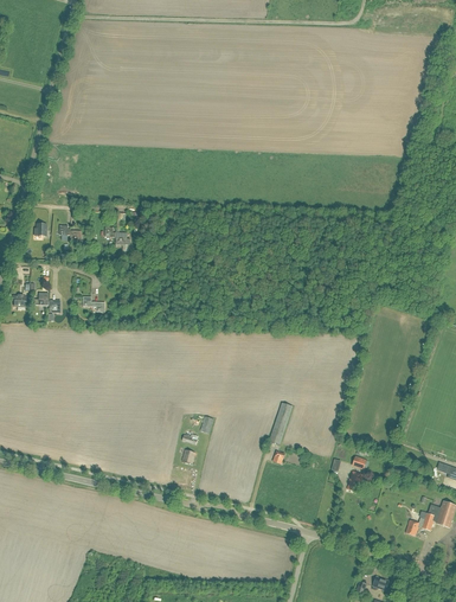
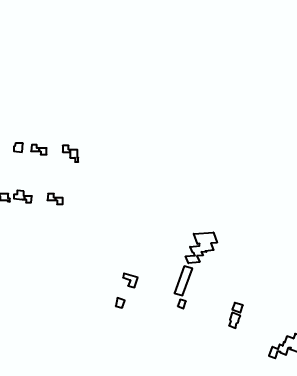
building: none -> [186,232,217,263]

